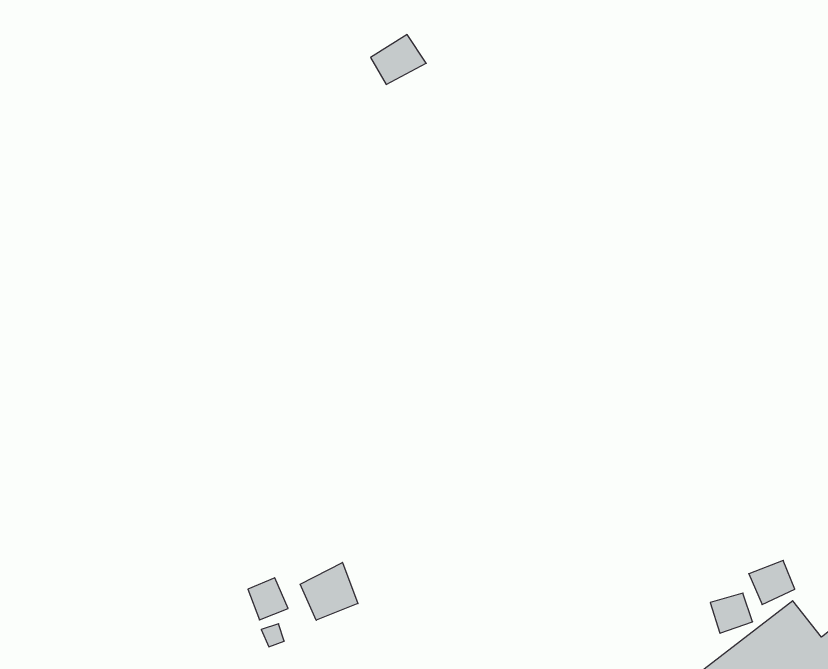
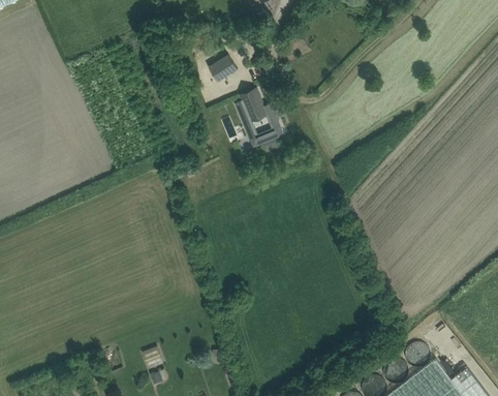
building: none -> [234,87,284,148]
building: [300,562,358,620] -> none

